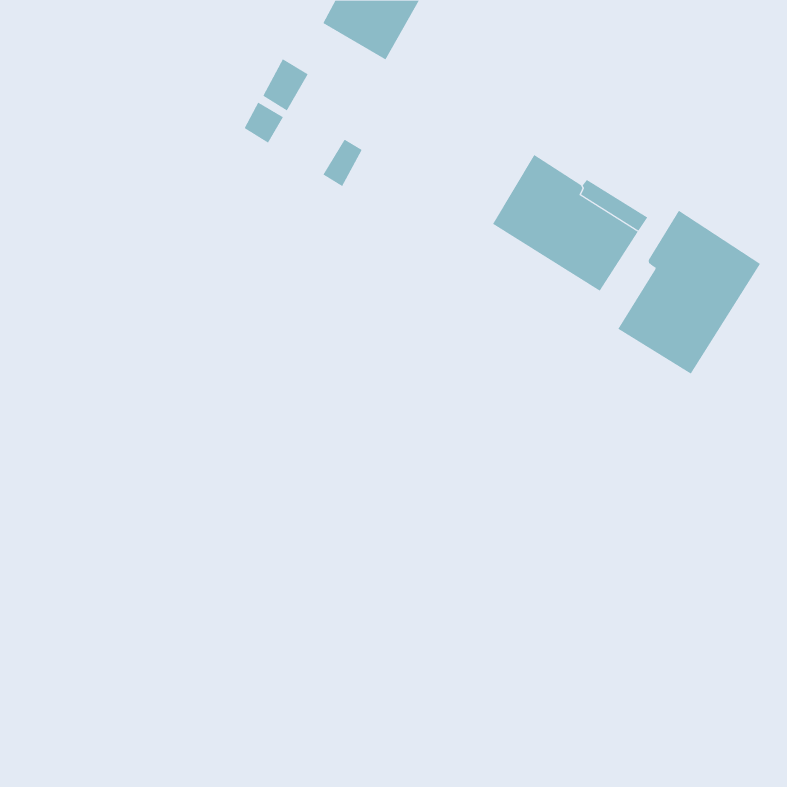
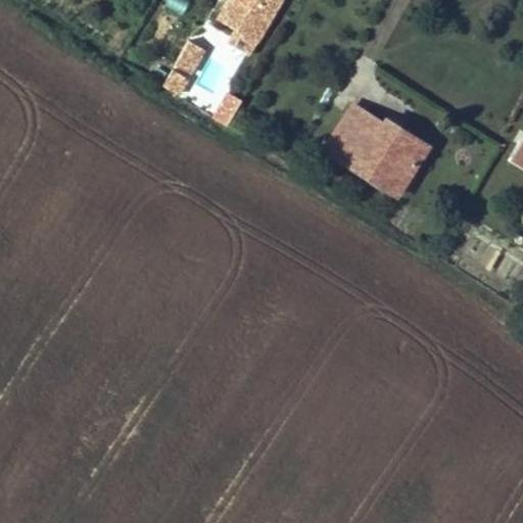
building: [617,210,761,375] -> none

